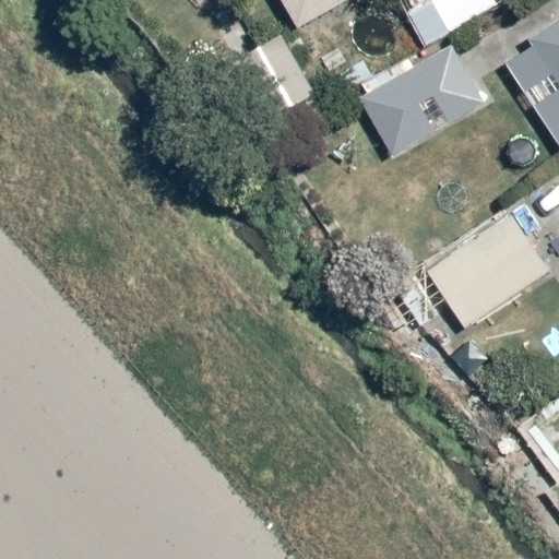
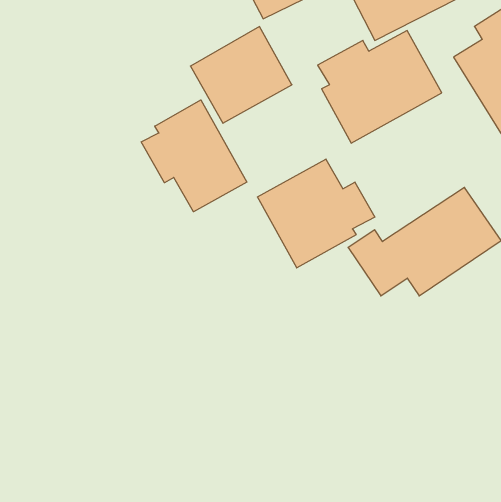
building: none -> [141,100,247,212]
building: none -> [257,159,375,268]

